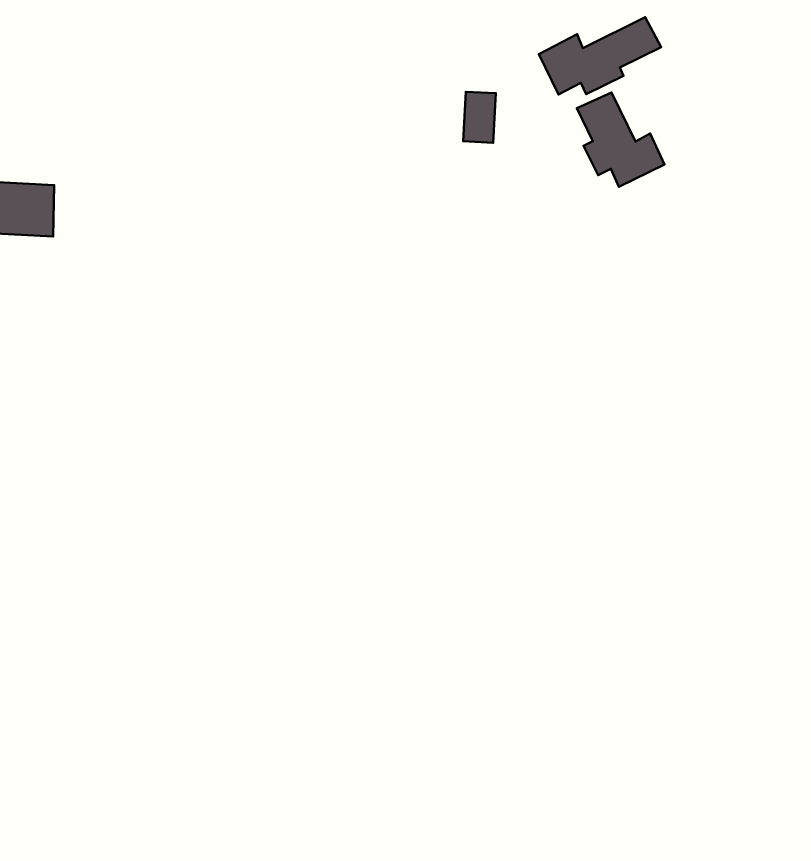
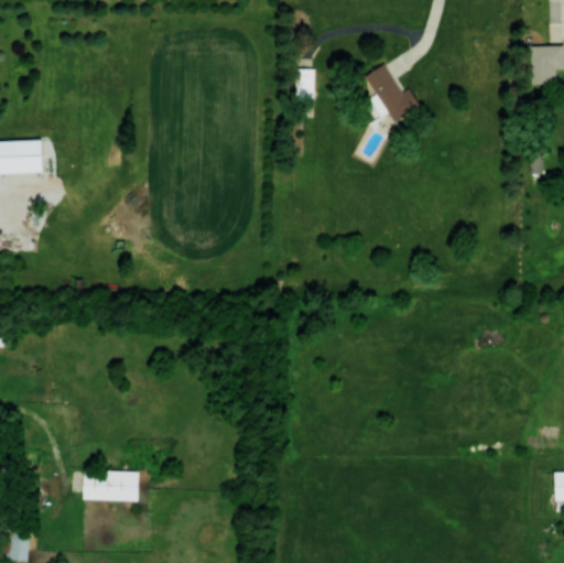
building: [539,17,661,95] -> none
building: none -> [84,472,140,500]

